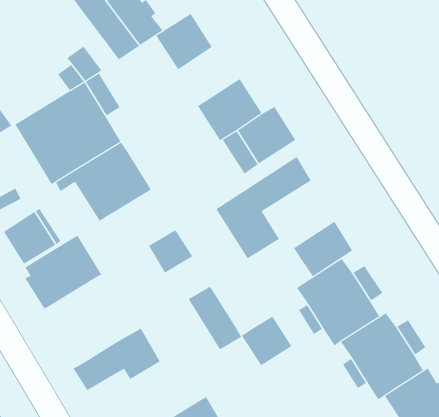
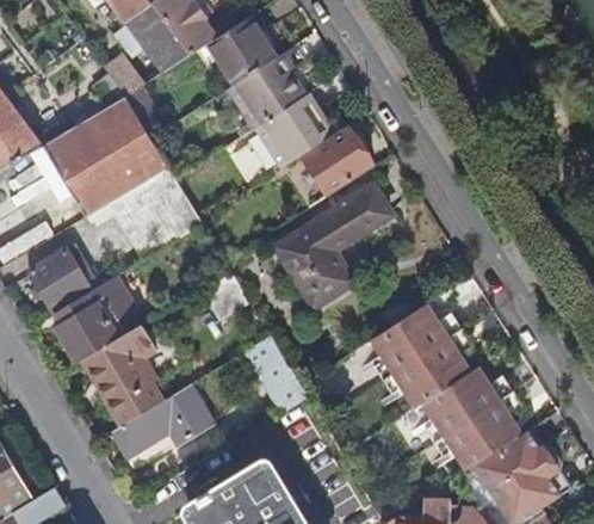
building: none -> [227,55,303,128]
building: [293,221,353,277] -> none
building: none -> [81,325,161,426]
building: [241,316,292,366] -> none

